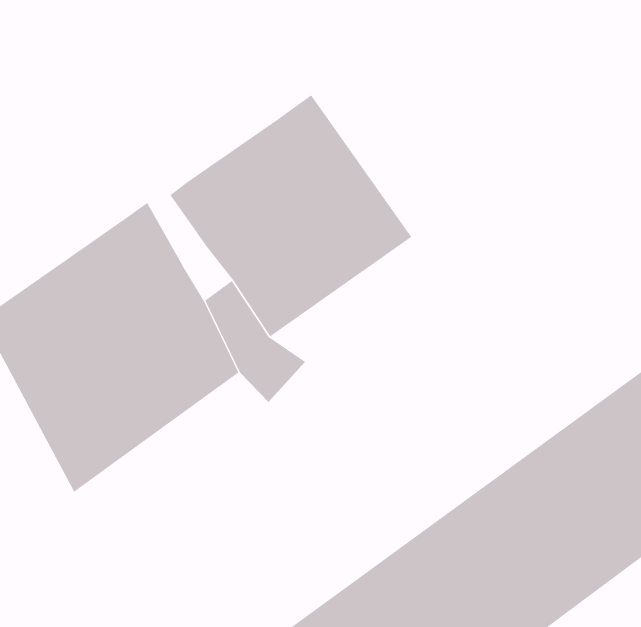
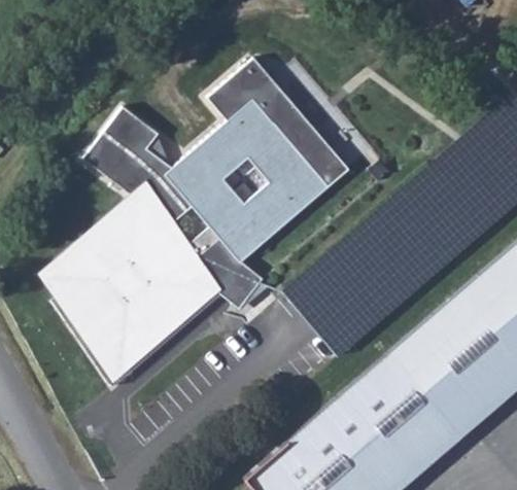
building: none -> [206,59,355,190]
building: none -> [82,104,188,223]

